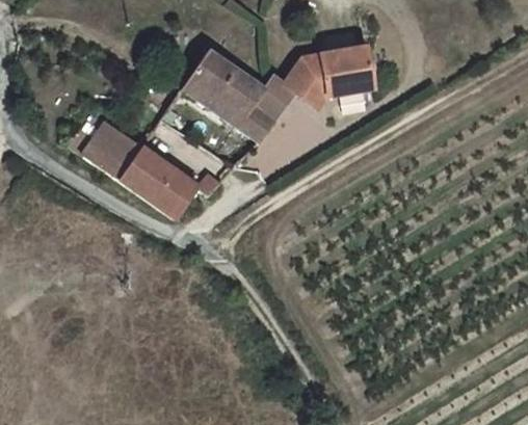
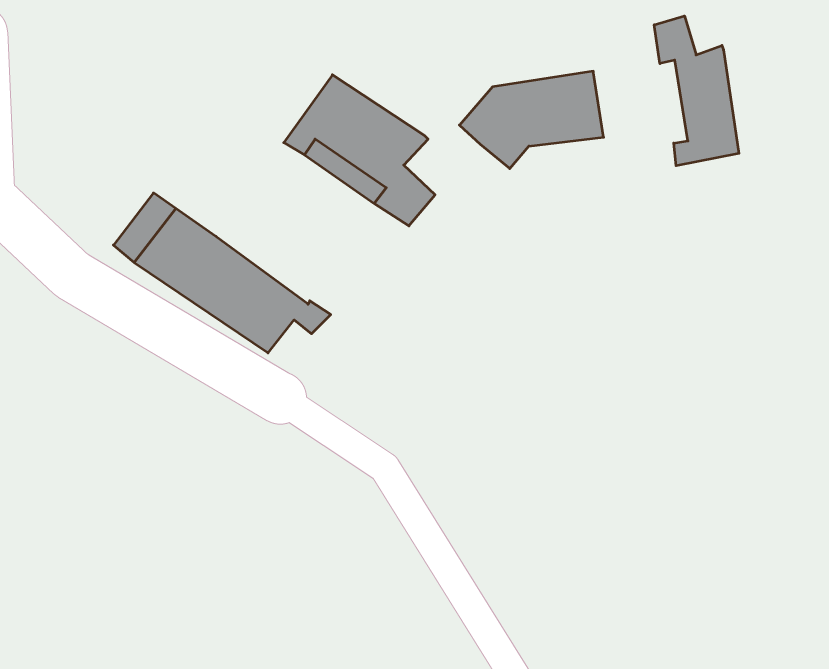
building: none -> [654,16,739,166]
building: [254,71,299,121] -> none

